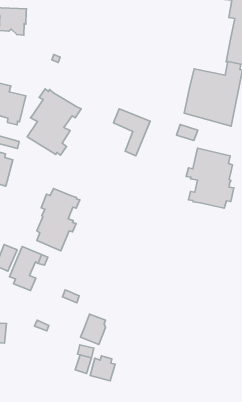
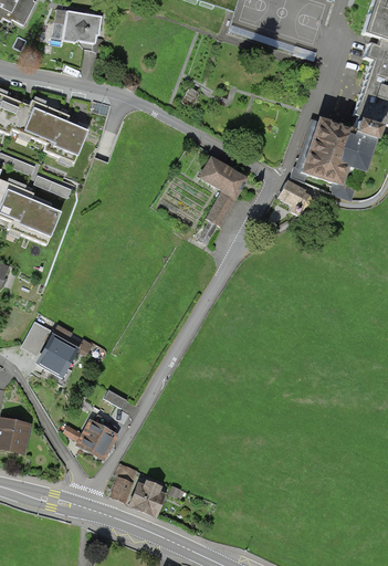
building: [27,89,81,155] -> none
building: [186,148,234,208] -> none
building: [37,188,80,251] -> none
building: [80,314,106,344] -> [81,416,116,457]

